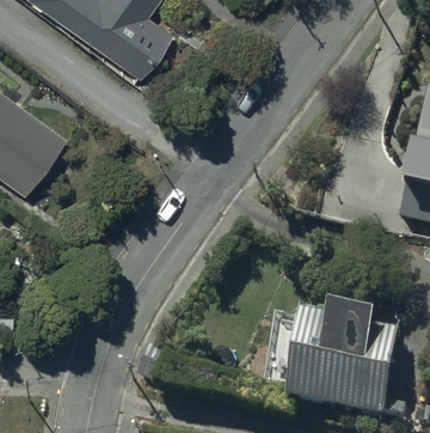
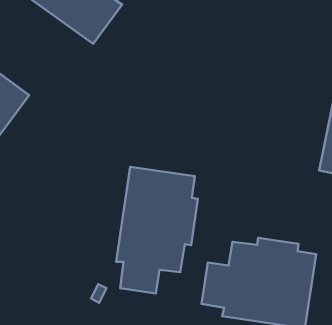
building: none -> [116,167,198,294]

